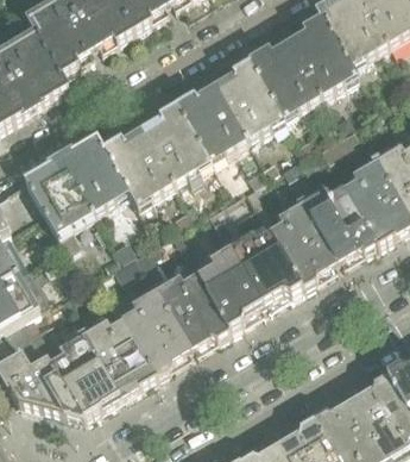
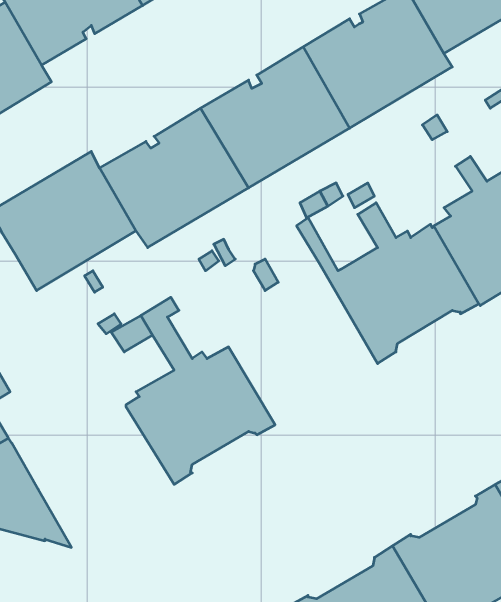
building: [196,213,303,329] -> none
building: [40,316,158,417] -> none

